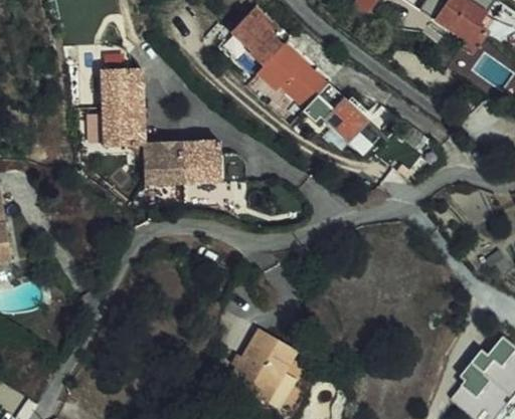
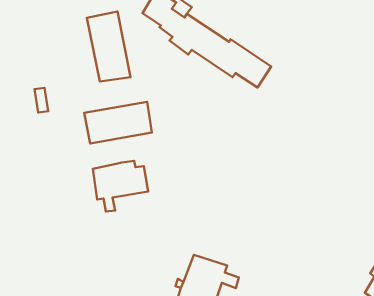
building: [101,67,144,148] -> [87,12,131,82]
building: none -> [93,161,148,212]

